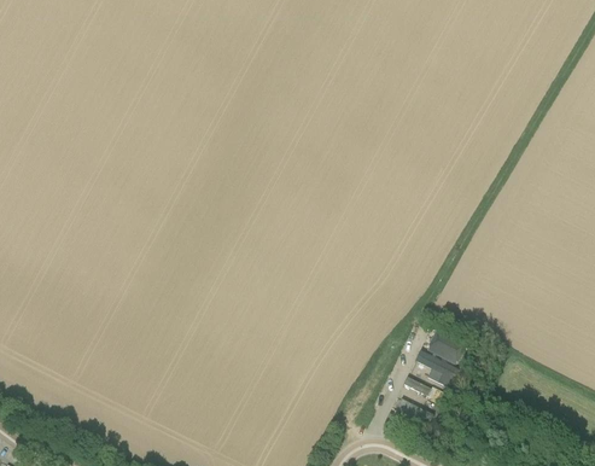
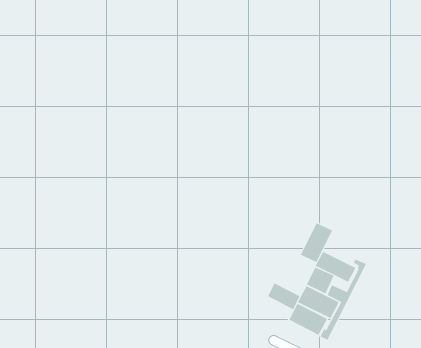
building: none -> [300,222,333,263]
building: none -> [267,283,300,310]

